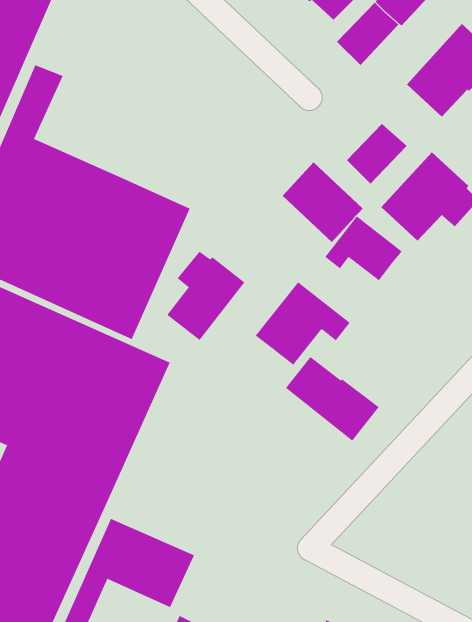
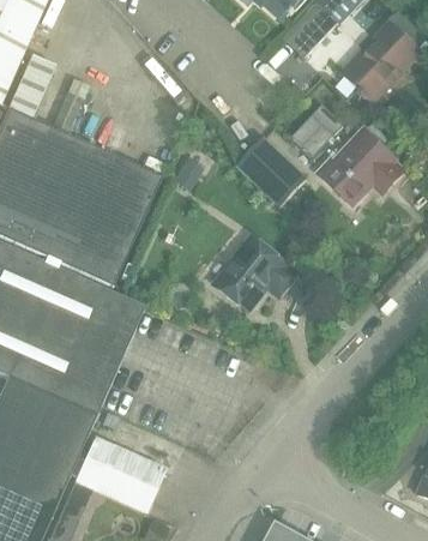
building: [324,216,402,281] -> none
building: [167,251,245,341] -> none
building: [285,356,379,442] -> none

